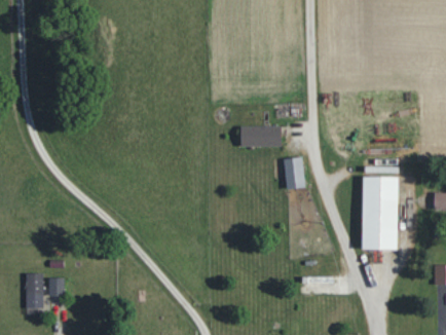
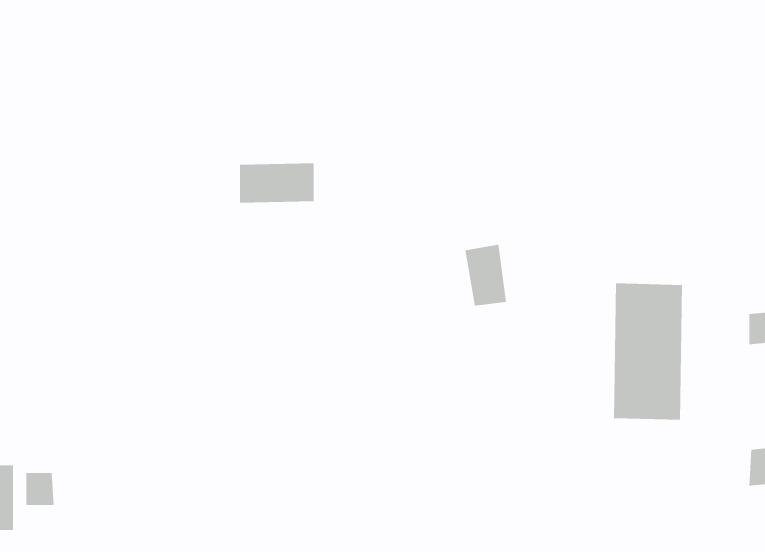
building: [240,125,281,147] -> [239,163,315,203]

